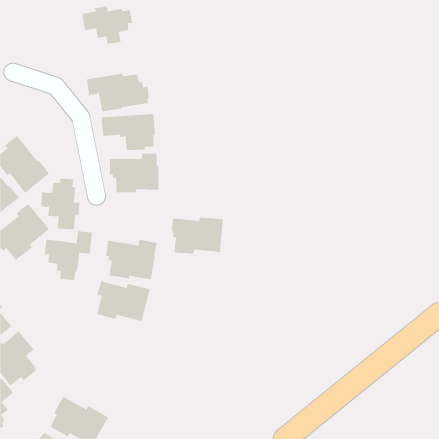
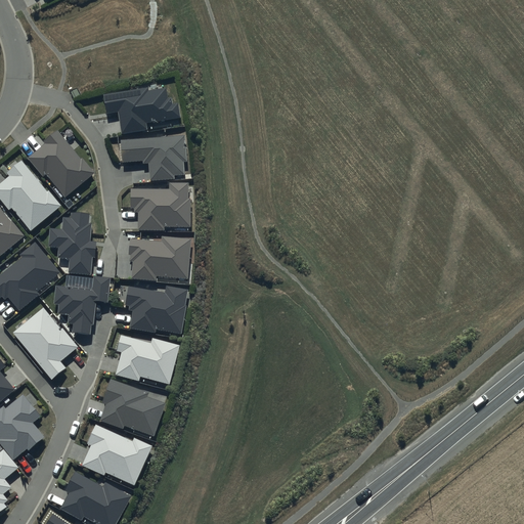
building: [82,5,132,45] -> none
building: none -> [27,129,94,195]
building: [171,217,223,254] -> [127,236,189,280]
building: none -> [10,306,81,382]
building: none -> [99,378,165,435]
building: none -> [81,424,151,484]

